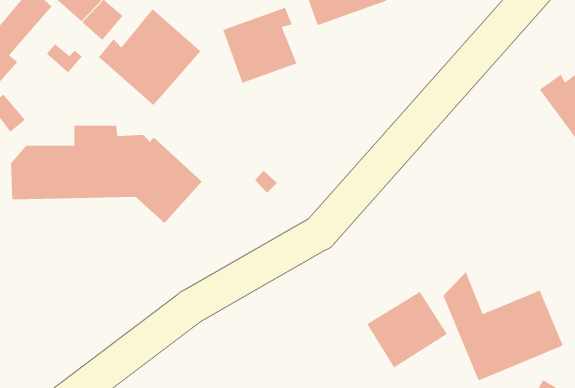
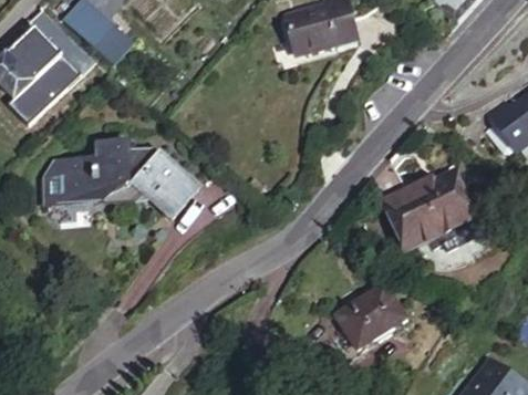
building: [222,7,297,84] -> none
building: [98,8,201,106] -> none
building: [442,271,564,382] -> [377,148,479,241]

